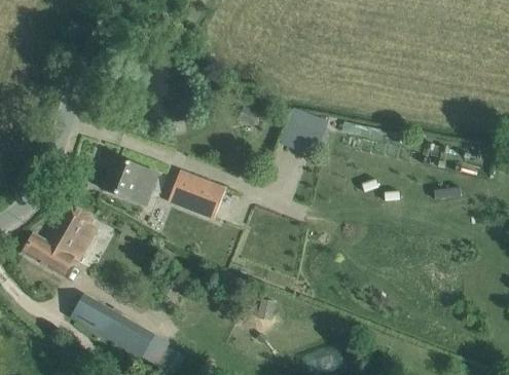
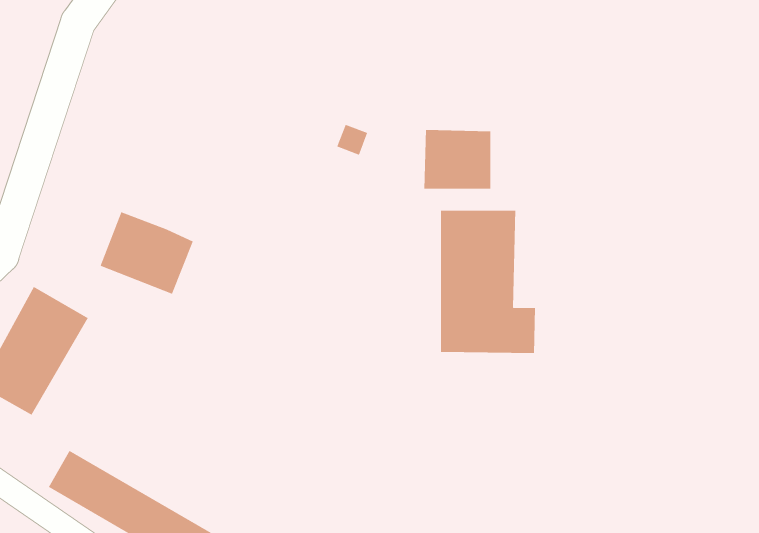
building: none -> [440,210,536,354]
building: [169,171,227,222] -> none

